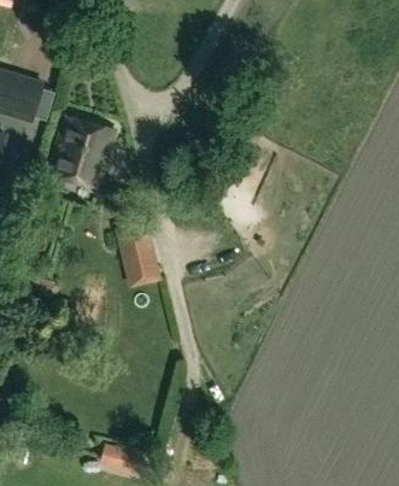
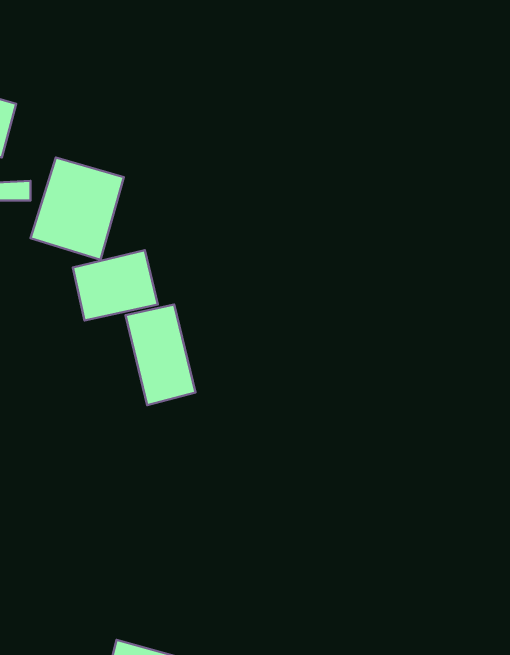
building: none -> [73,250,158,321]

